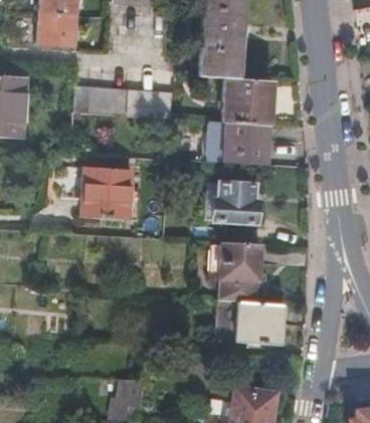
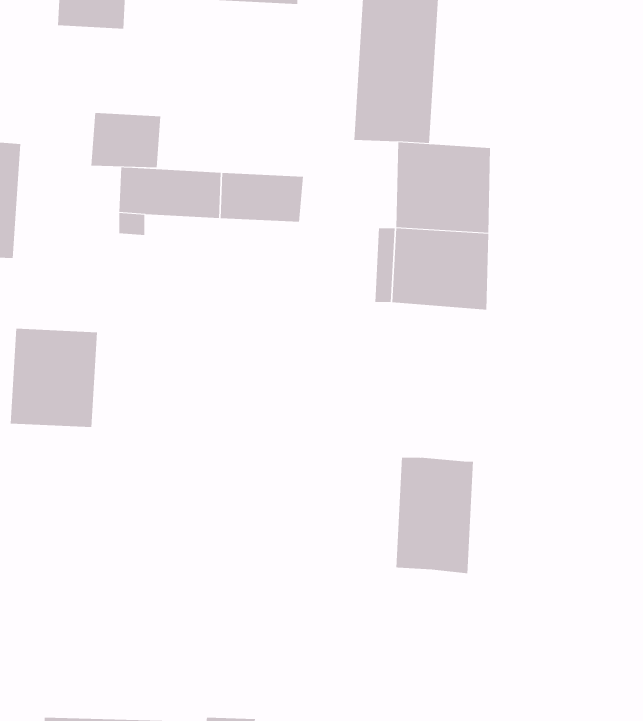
building: [40,14,77,43] -> [91,112,161,168]
building: [83,167,130,219] -> [10,328,98,428]
building: [211,182,258,243] -> none
building: [219,299,285,342] -> none

